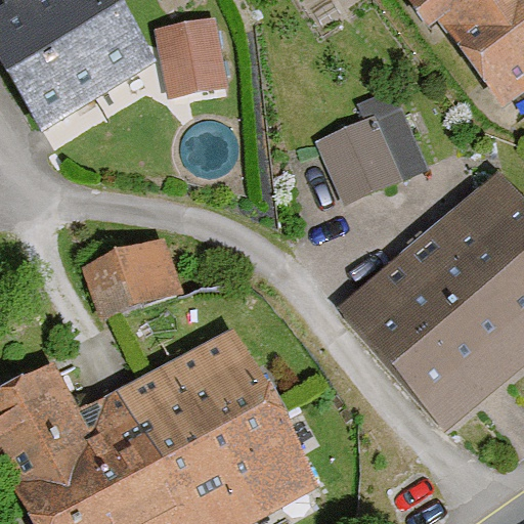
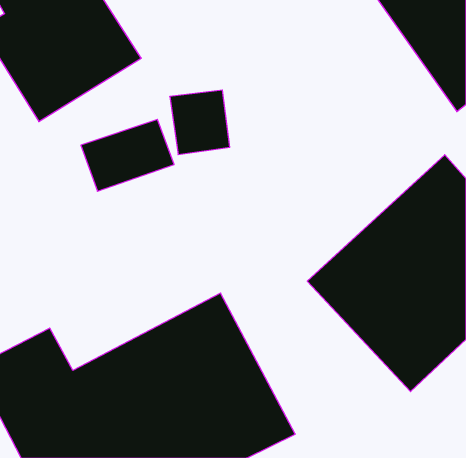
building: [161,23,227,94] -> [170,90,230,155]
building: [314,86,423,202] -> none
building: [82,236,185,316] -> [81,119,174,191]

